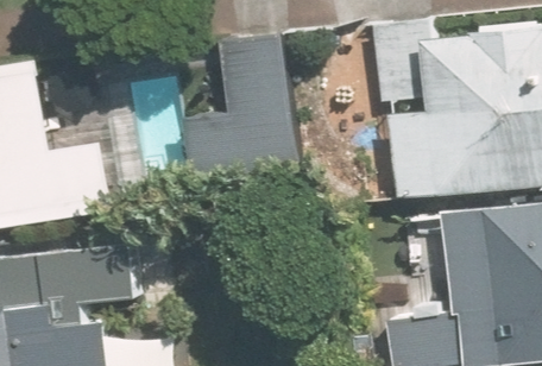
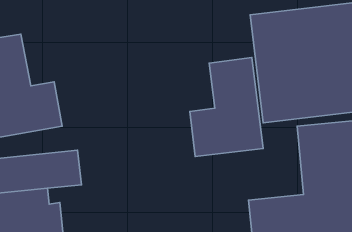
building: [190,40,298,187] -> [190,58,263,157]

